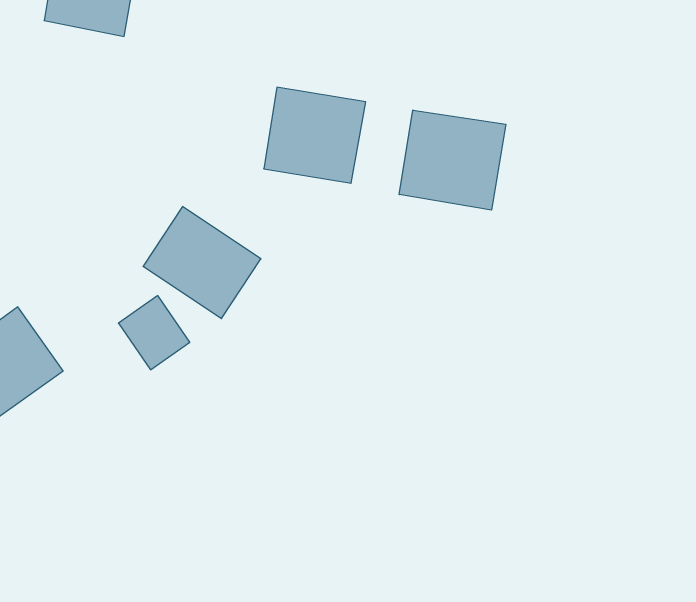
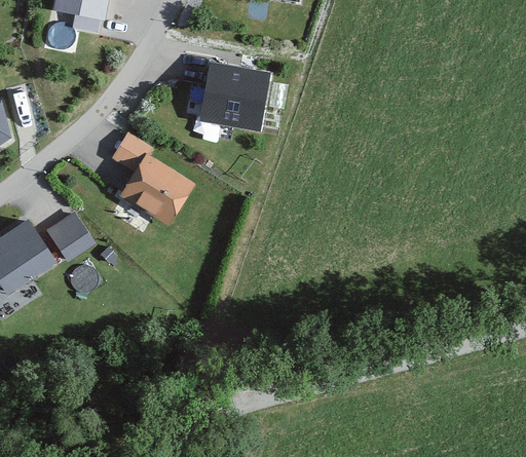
building: [399,110,506,210] -> none
building: [118,296,190,370] -> [45,208,96,261]

